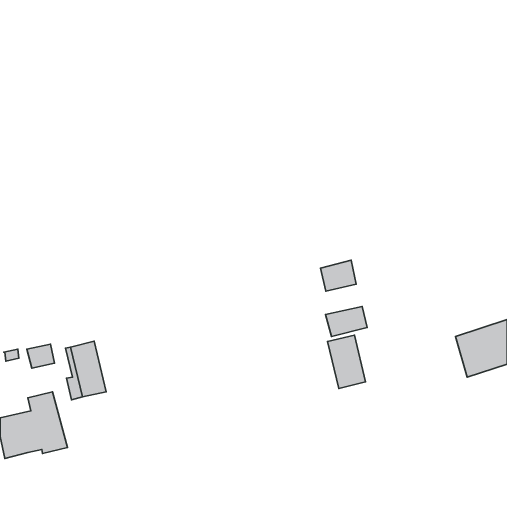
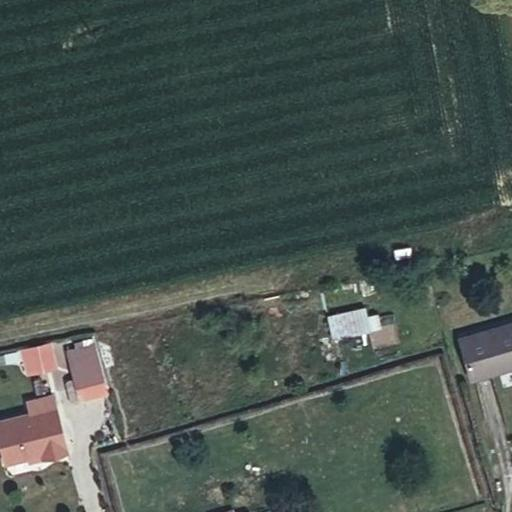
building: [320,260,356,291] -> none
building: [328,335,365,389] -> none

